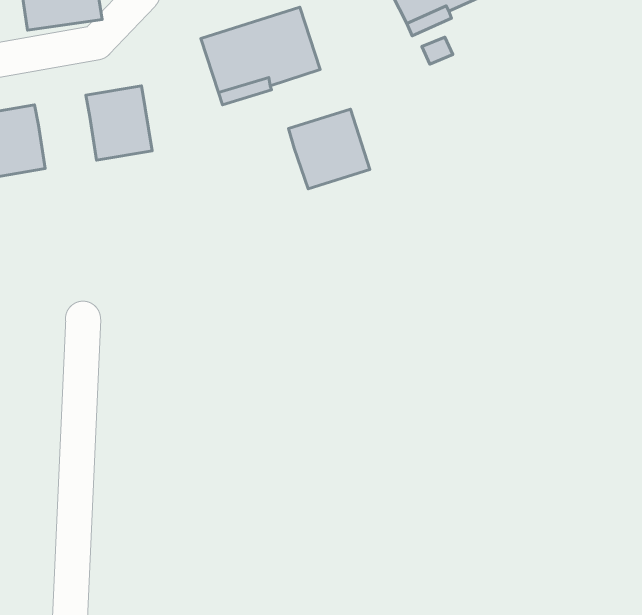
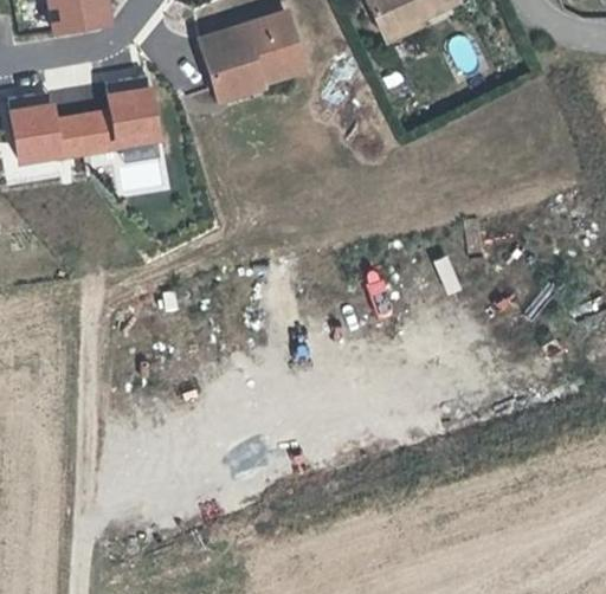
building: [289,109,370,189] -> none
building: none -> [60,109,111,154]

